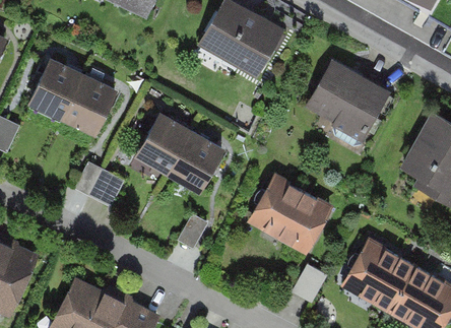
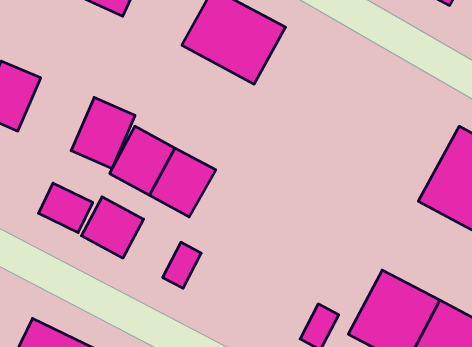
building: [302,58,399,147] -> none
building: [60,72,114,132] -> [71,97,135,169]
building: none -> [81,197,144,258]
building: [243,173,338,265] -> none

